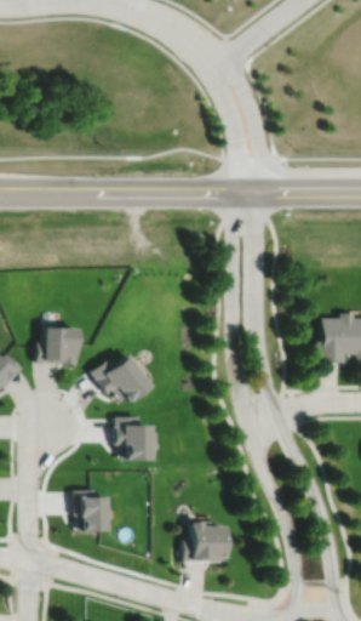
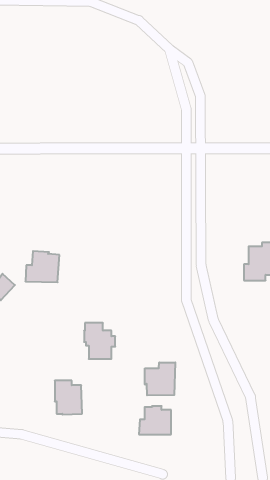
building: [92,354,148,403] -> none
building: none -> [145,362,175,395]

